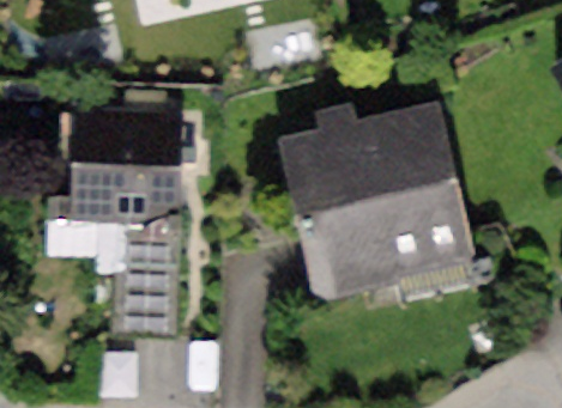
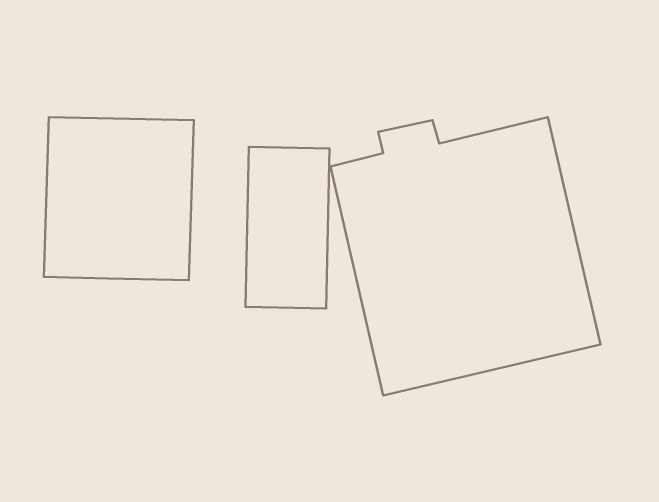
building: [113,220,174,337] -> [245,147,329,309]

